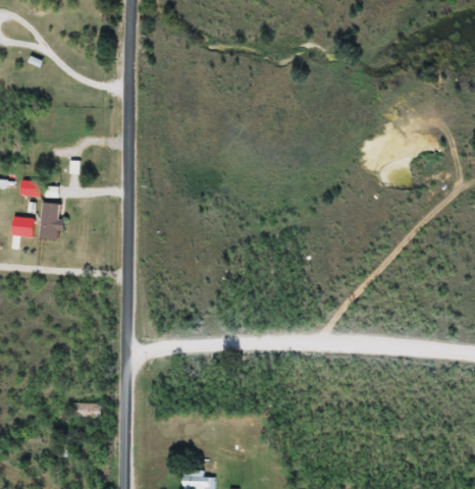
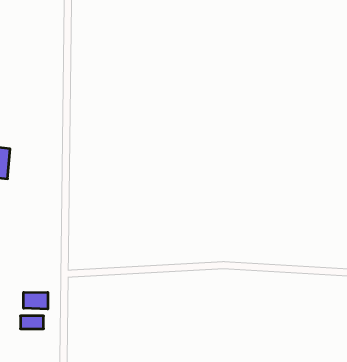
building: none -> [24,292,48,309]

